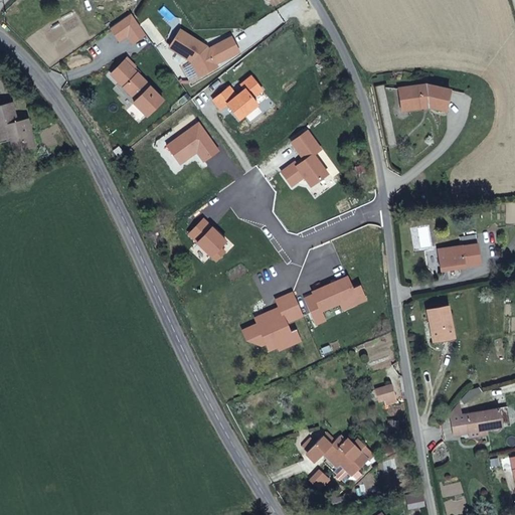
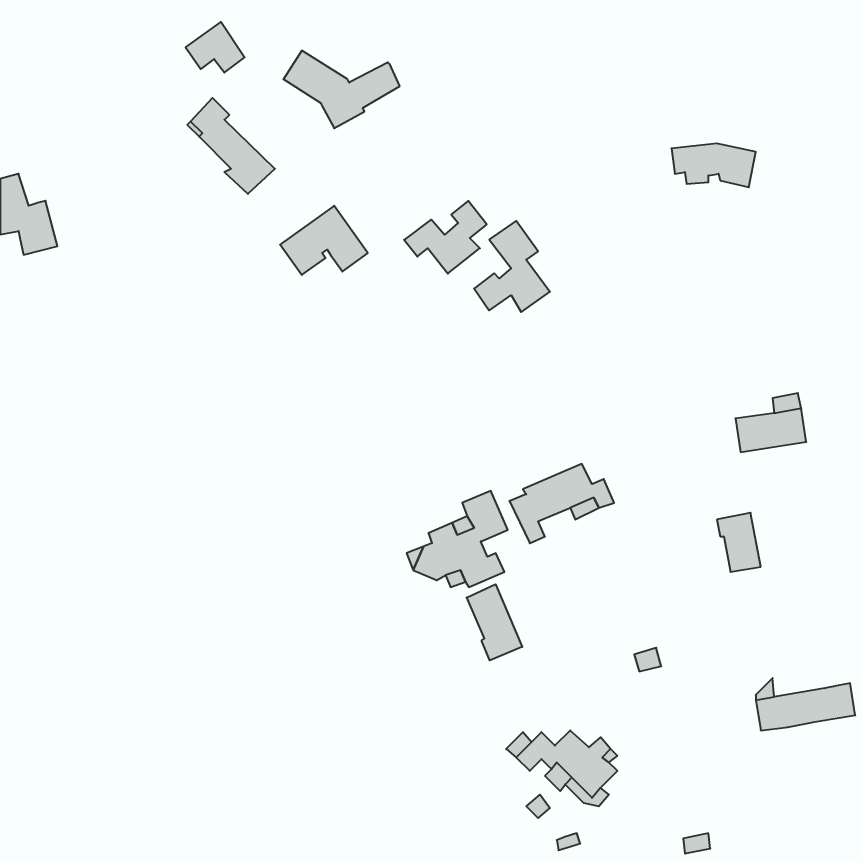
building: [213,76,263,120] -> [404,201,487,274]
building: [189,219,226,261] -> none
building: none -> [467,584,522,660]

